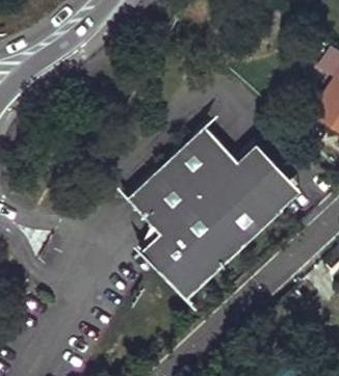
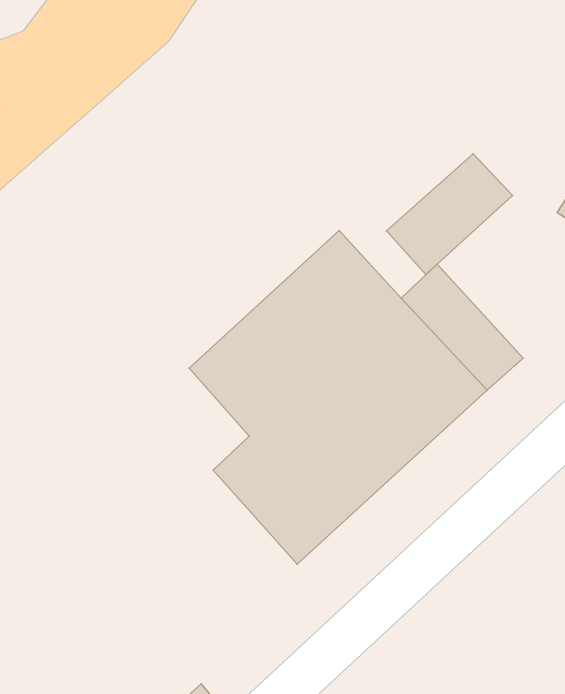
building: none -> [387,154,512,275]

